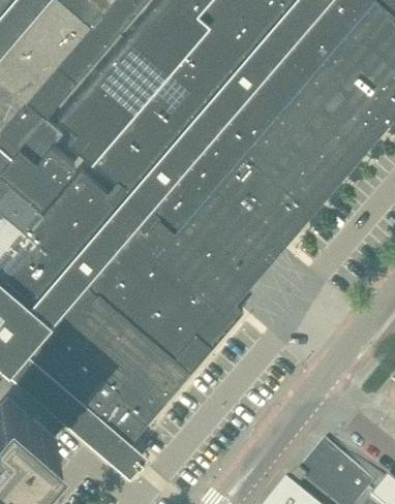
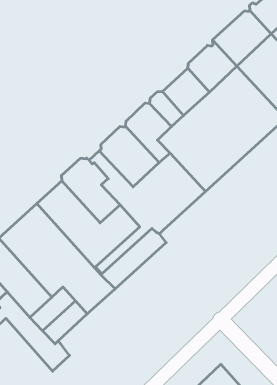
building: [216,102,271,158] -> none
building: [178,149,234,216] -> none
building: [94,374,145,428] -> none

